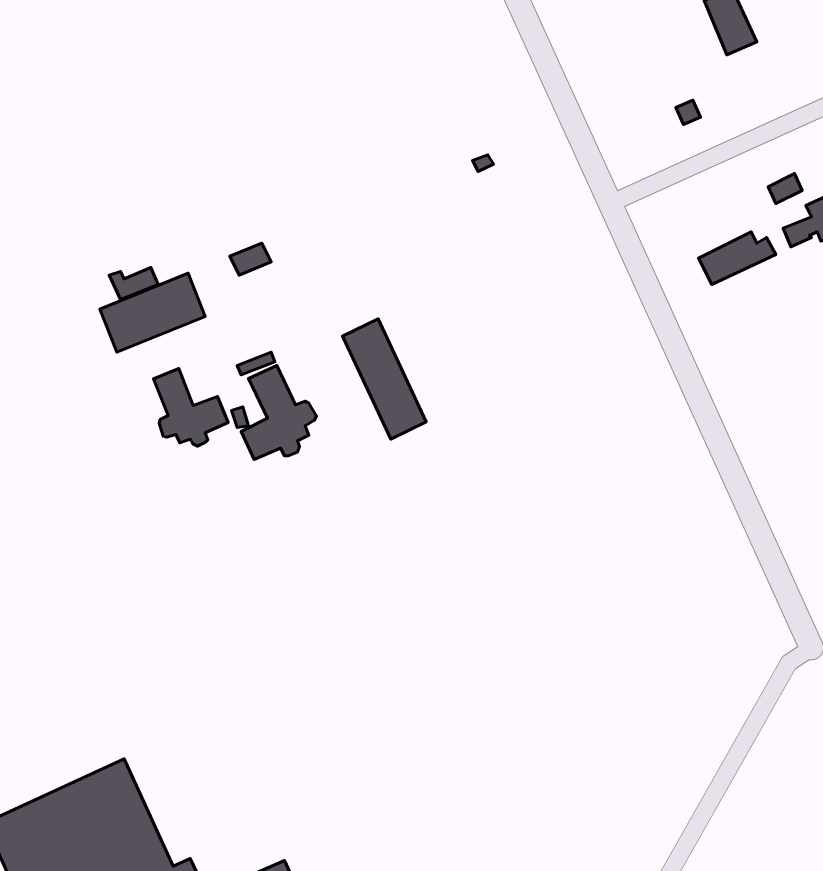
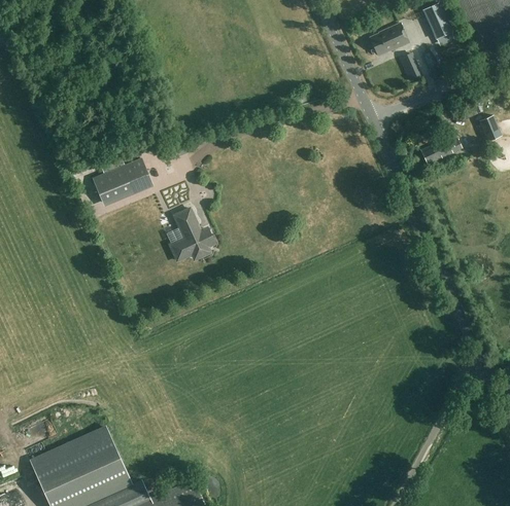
building: none -> [370,24,409,57]
building: [343,319,426,439] -> none
building: [153,369,228,446] -> none

